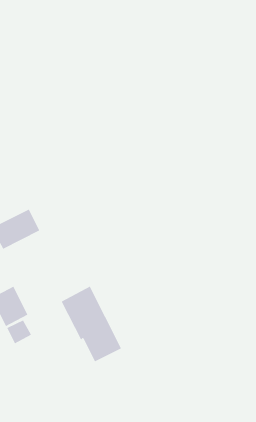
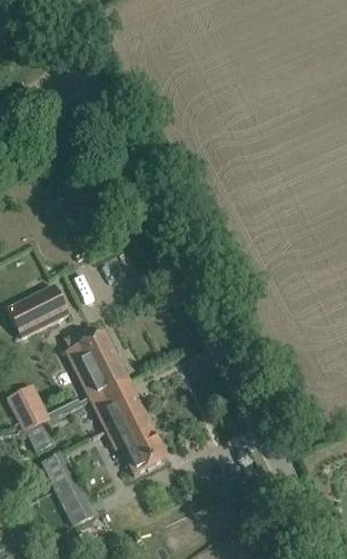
building: none -> [67,328,128,400]
building: none -> [42,453,93,526]

